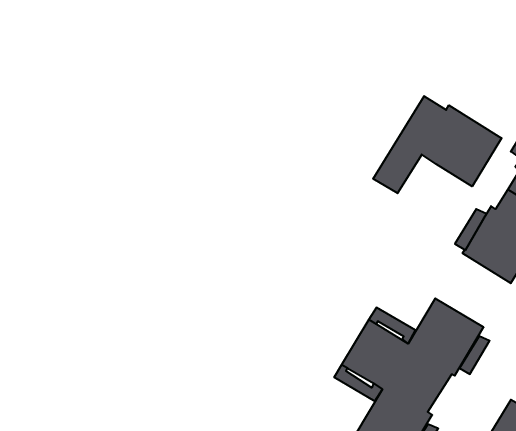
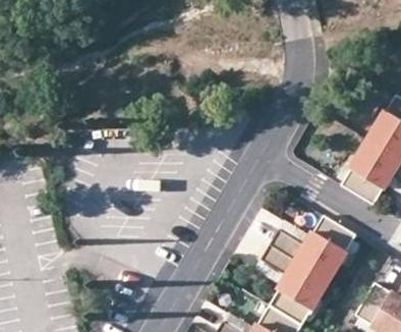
building: [373,96,502,193] -> none

